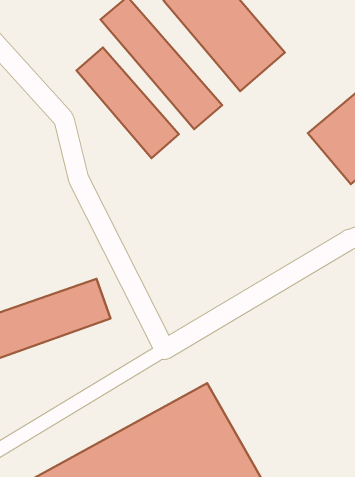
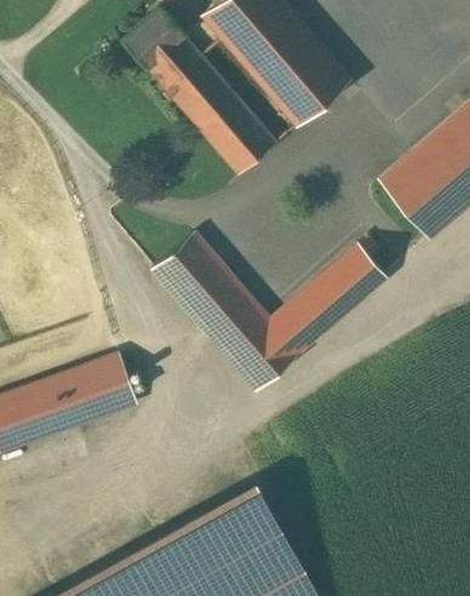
building: [76,48,179,158] -> none
building: none -> [154,234,385,388]

